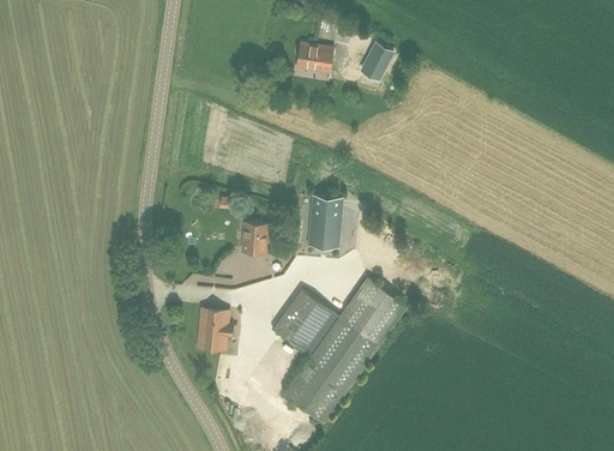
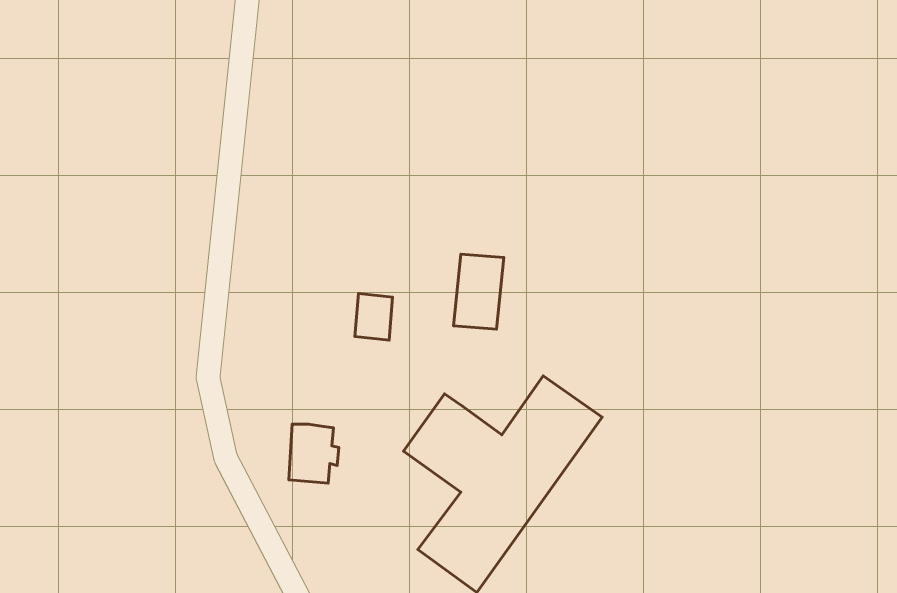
building: [295,44,333,73] -> none
building: [361,44,392,80] -> none

